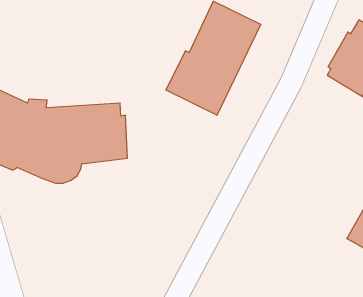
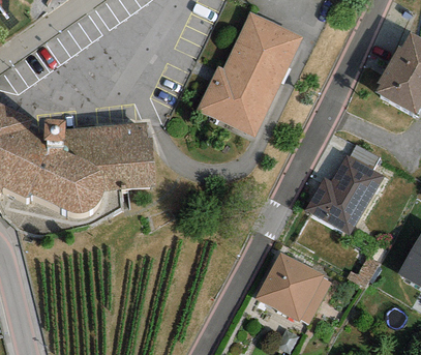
building: none -> [305,154,384,236]
building: none -> [254,252,330,324]

